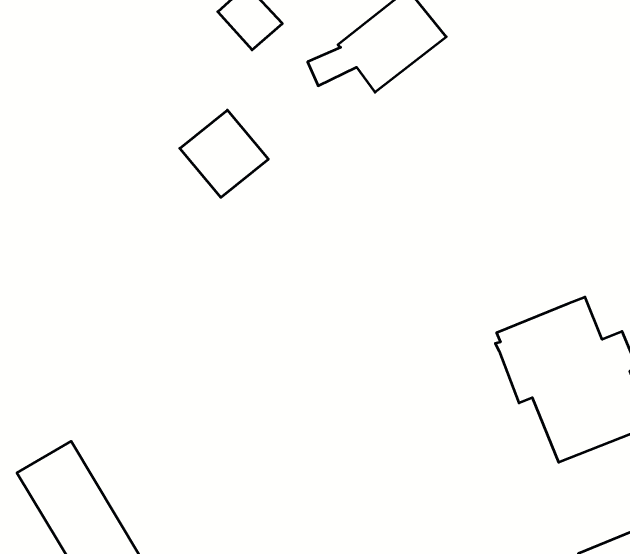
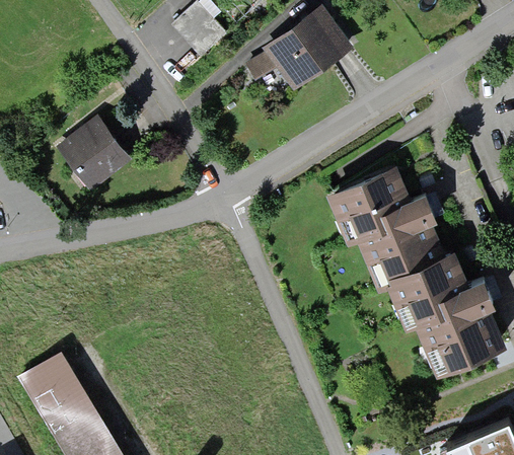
building: [180,110,268,197] -> [58,122,126,188]
building: none -> [327,165,443,291]

